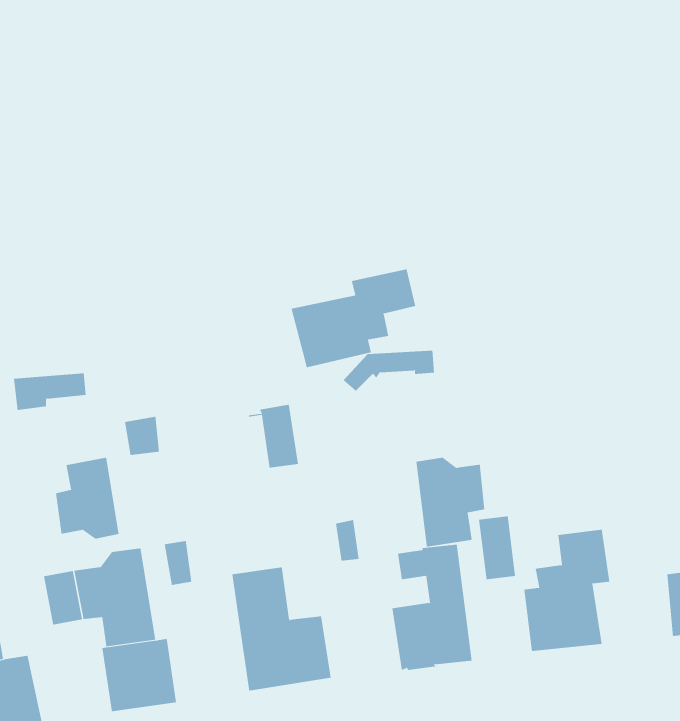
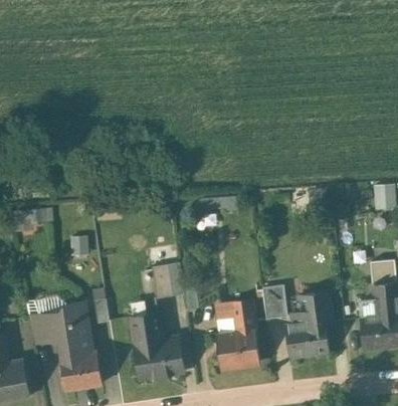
building: [291,268,416,368] -> none
building: [248,404,299,468] -> [145,264,172,298]
building: [416,457,485,547] -> none
building: [56,457,119,540] -> none

